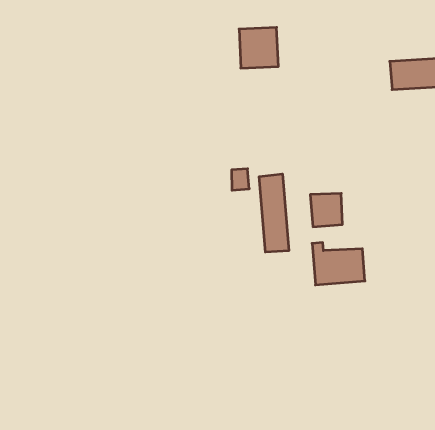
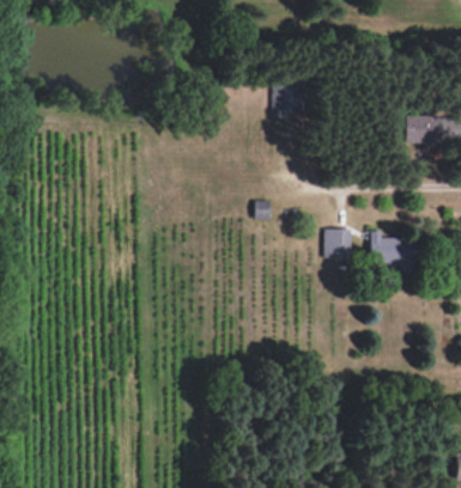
building: [259,174,289,252] -> none
building: [312,243,365,285] -> [371,231,415,268]

